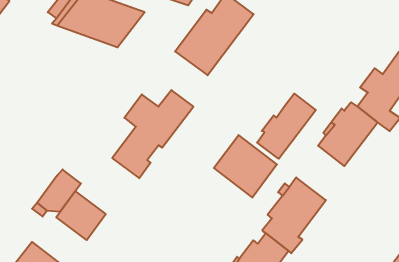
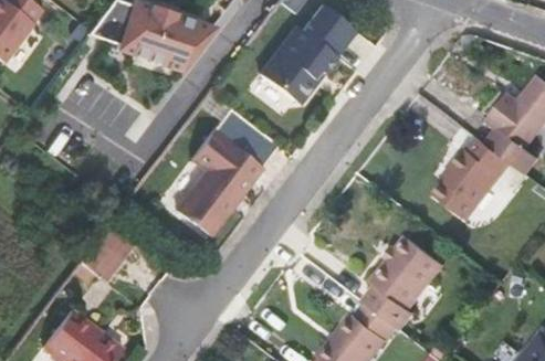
building: [257,94,316,159] -> none
building: [214,135,277,198] -> none
building: [56,191,106,240] -> none

